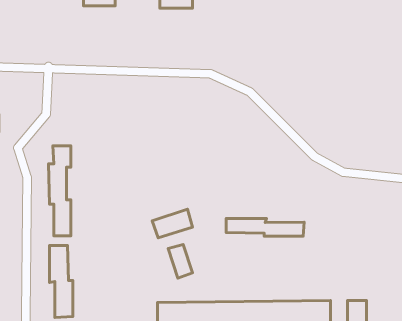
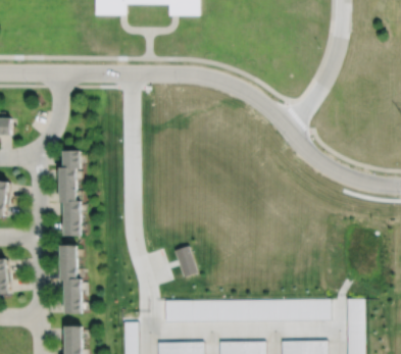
building: [152,209,192,238] -> none
building: [226,218,304,236] -> none

